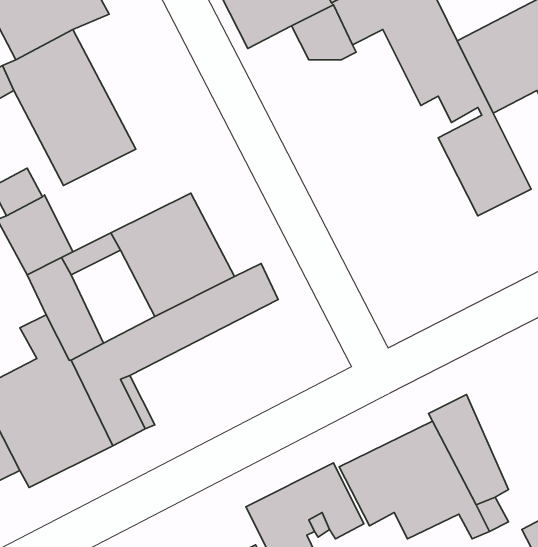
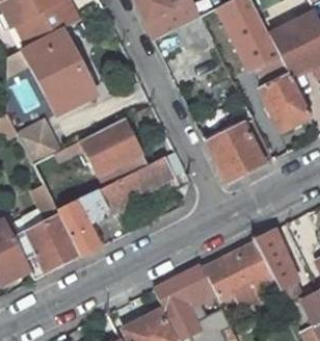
building: none -> [206,119,272,183]

